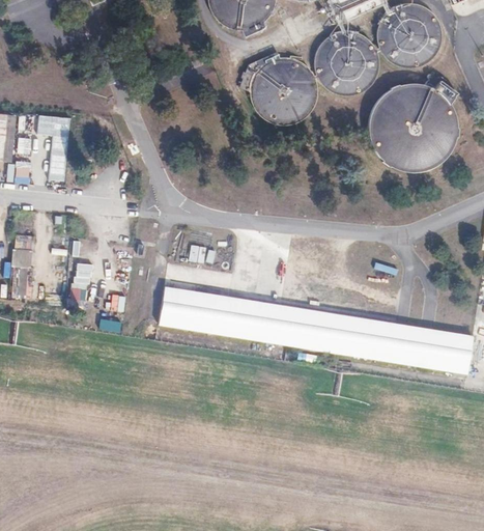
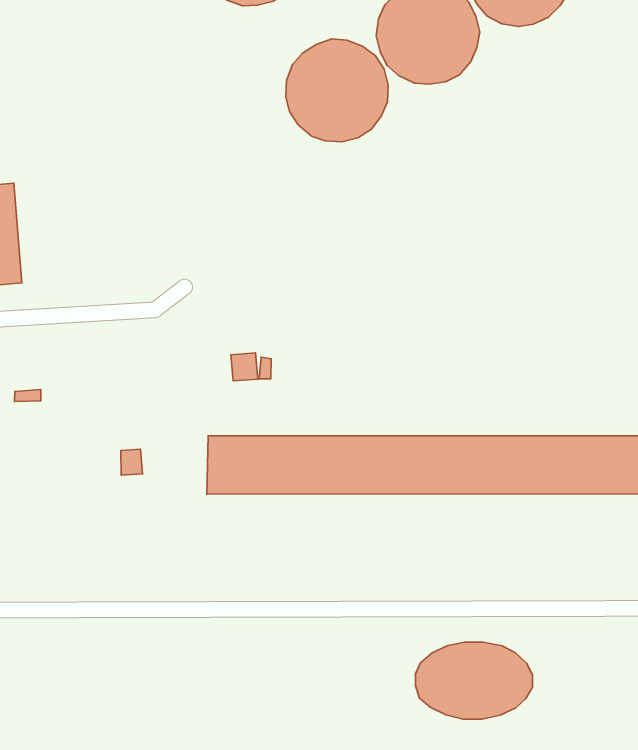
building: [361,72,452,172] -> none
building: [74,261,93,301] -> none
building: none -> [415,642,533,719]

